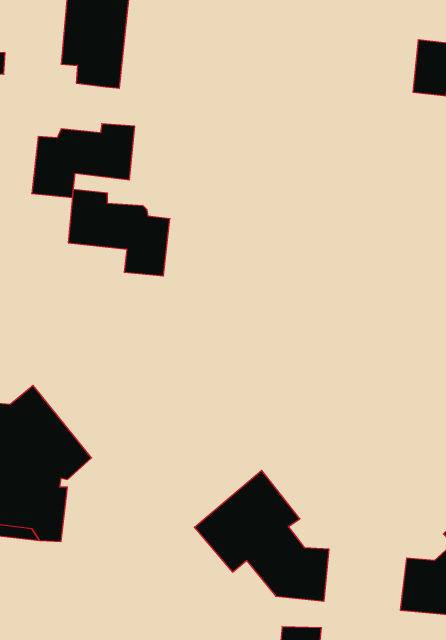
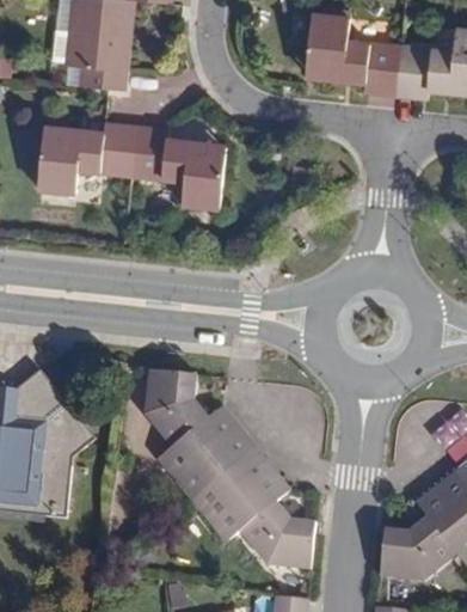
building: none -> [305,13,399,92]
building: [68,189,170,276] -> [128,124,223,206]
building: none -> [141,369,252,502]

